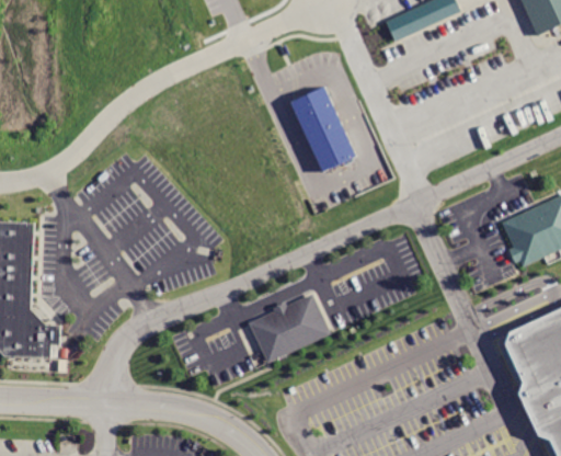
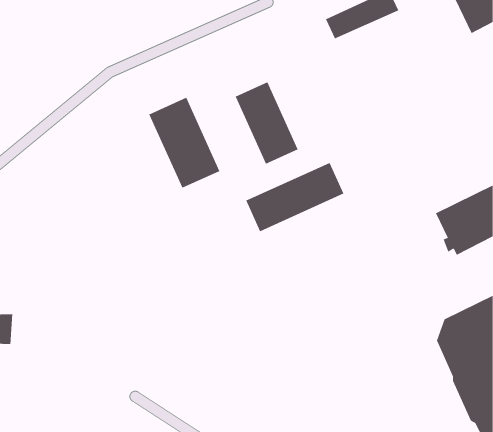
building: none -> [149,97,220,189]
building: none -> [245,162,344,232]
building: [250,292,333,363] -> none

